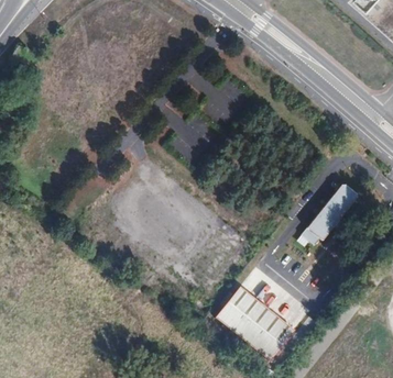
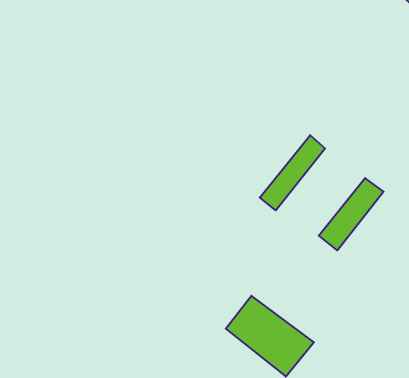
building: none -> [260,135,325,210]

